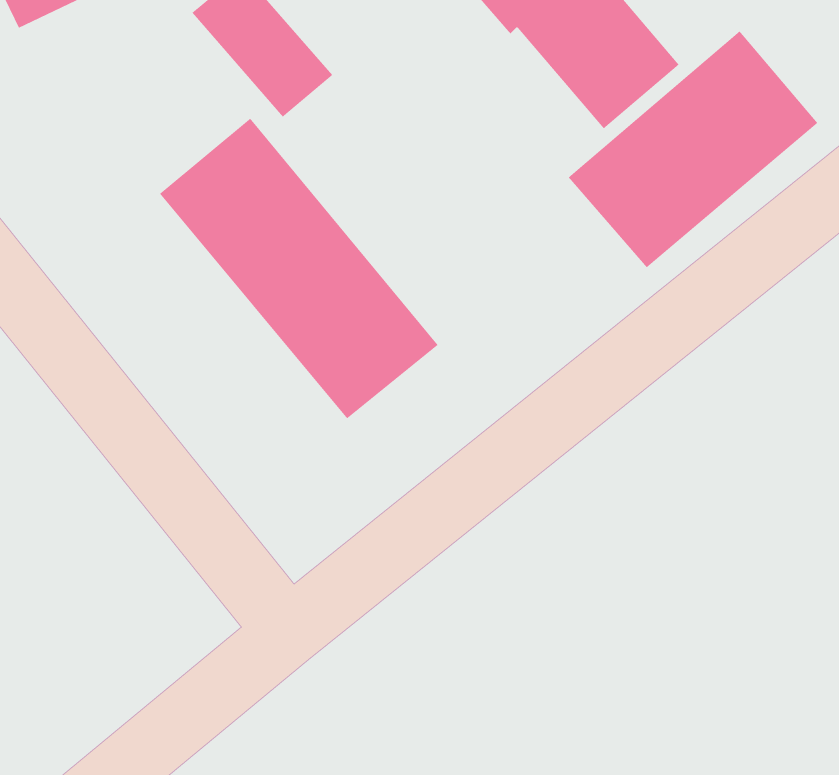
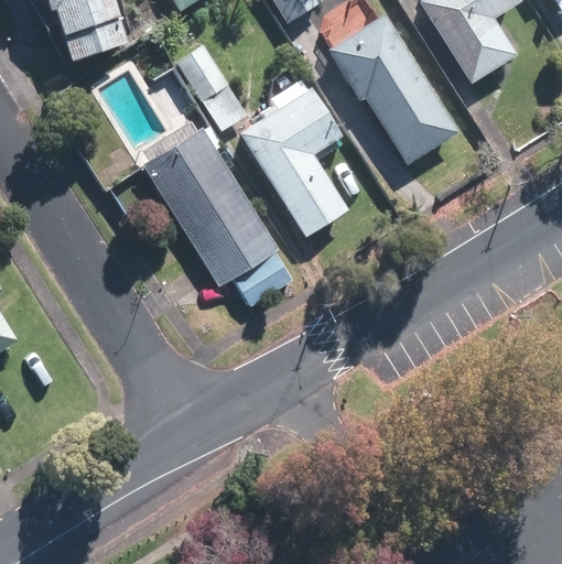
building: none -> [240,86,348,236]
building: [568,31,818,268] -> none

